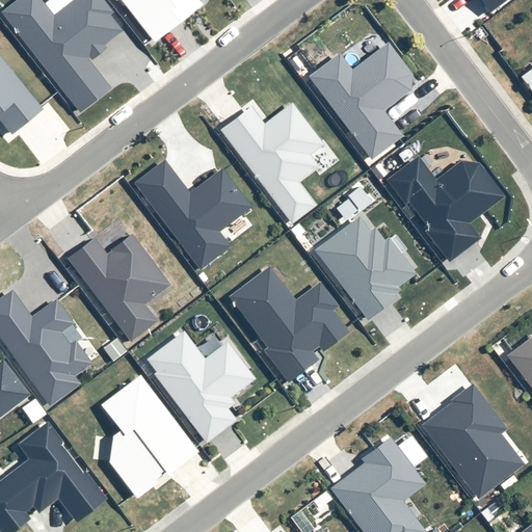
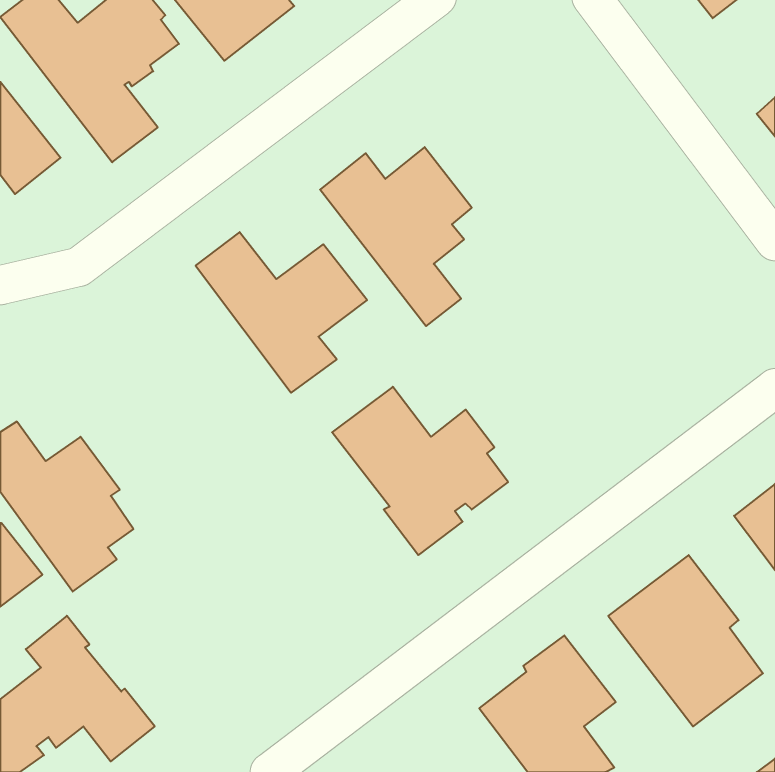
building: [308,42,413,159] -> none
building: [387,156,504,262] -> none
building: [314,216,415,319] -> none
building: [66,234,171,341] -> none
building: [147,330,255,442] -> none
building: [100,374,198,498] -> none

